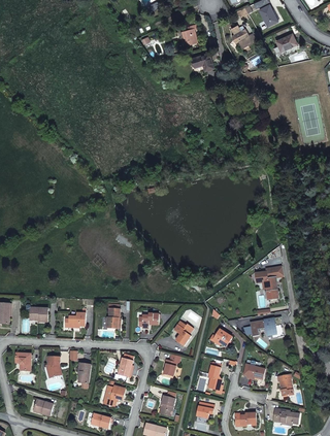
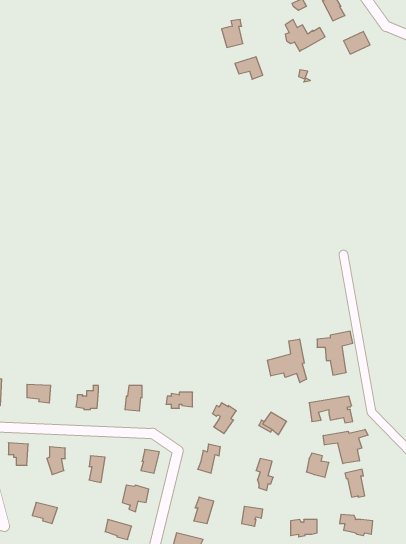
building: none -> [268,339,306,383]
building: none -> [323,429,368,464]

